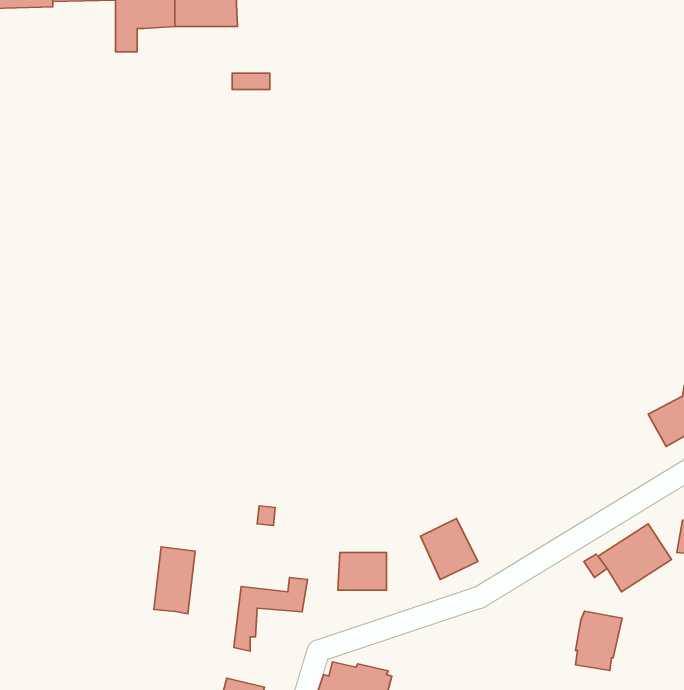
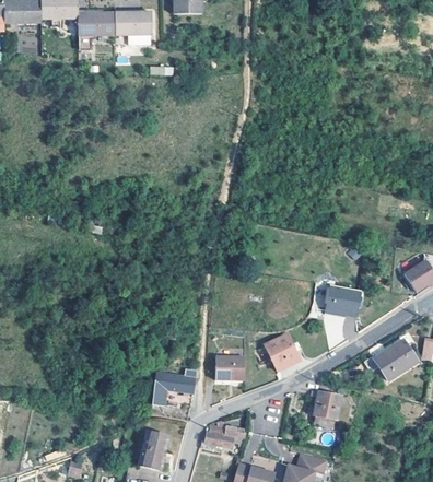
building: none -> [325,289,356,318]
building: [154,547,195,614] -> none
building: [576,611,622,670] -> [314,390,342,426]

